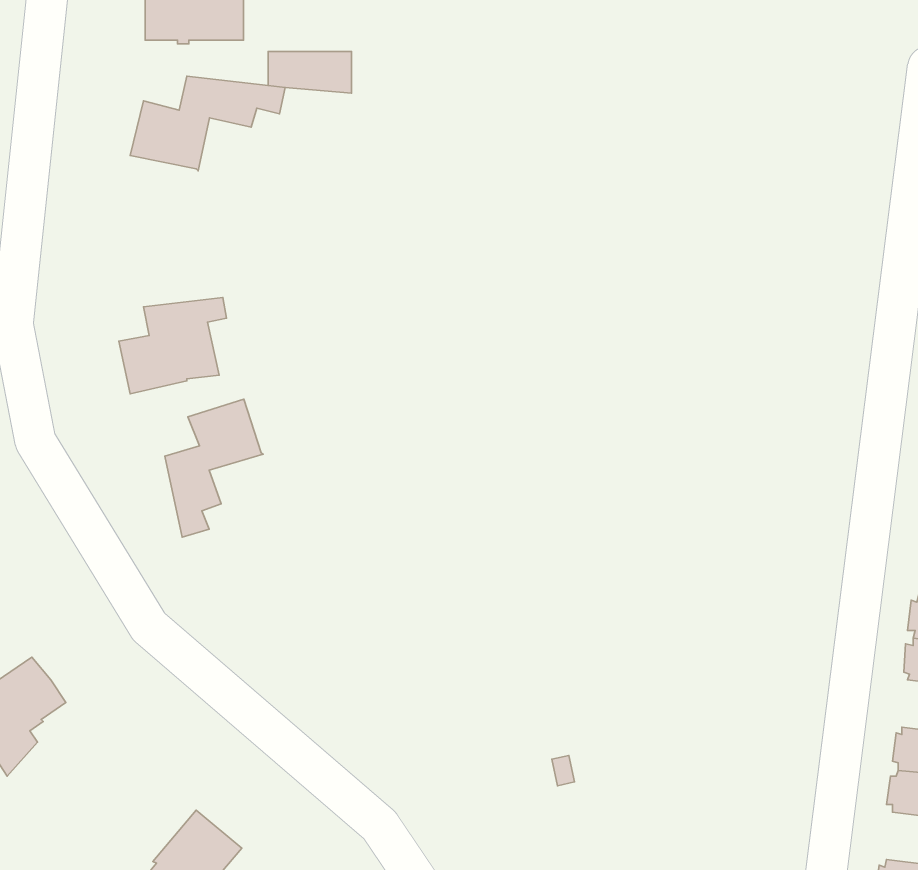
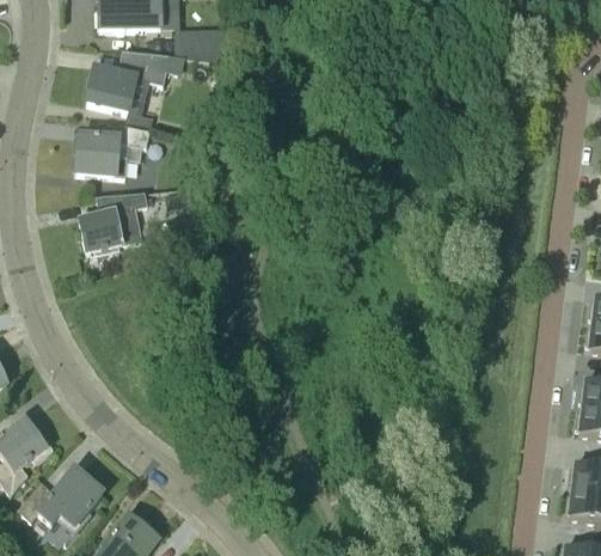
building: none -> [76,122,152,175]
building: [165,399,263,537] -> none
building: none -> [19,466,104,525]

